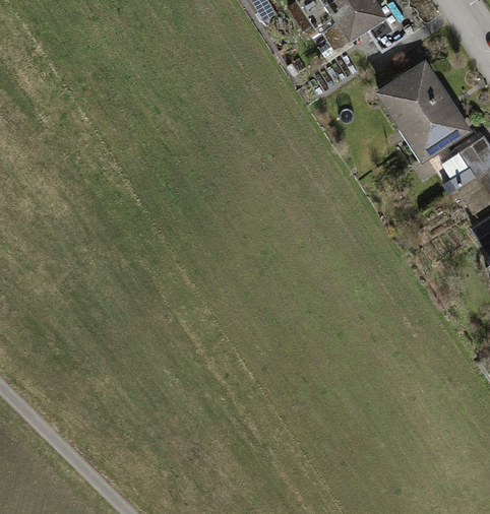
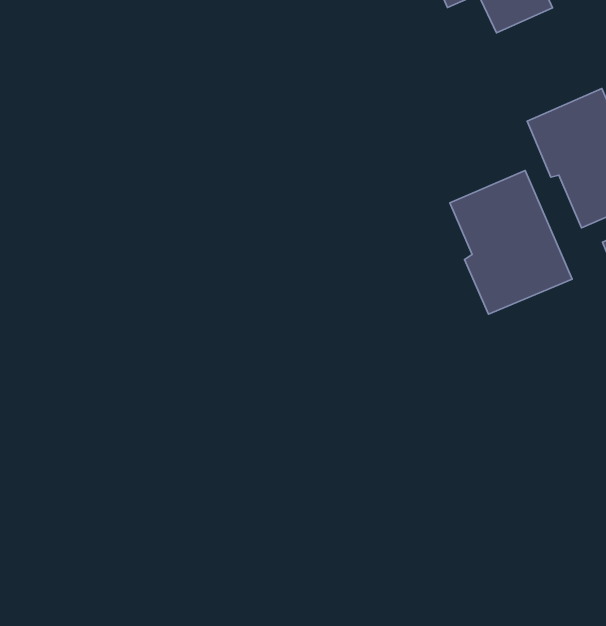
building: none -> [450,171,572,314]

